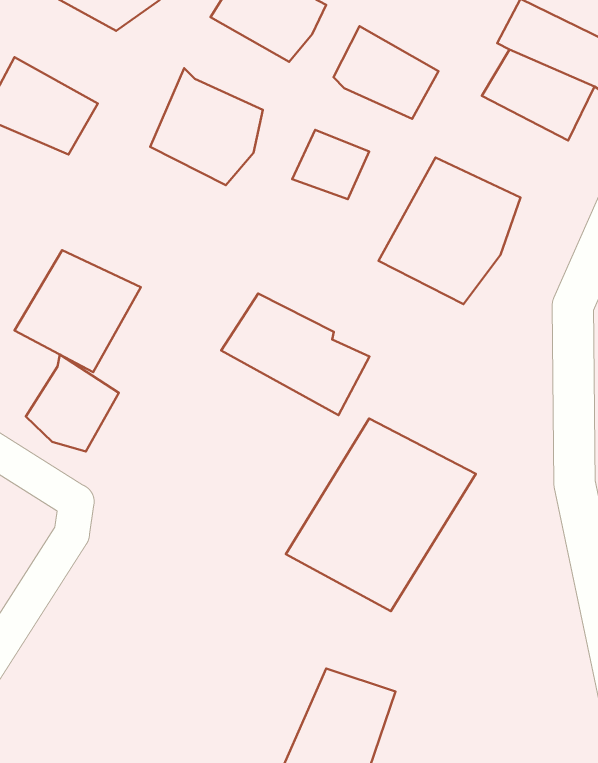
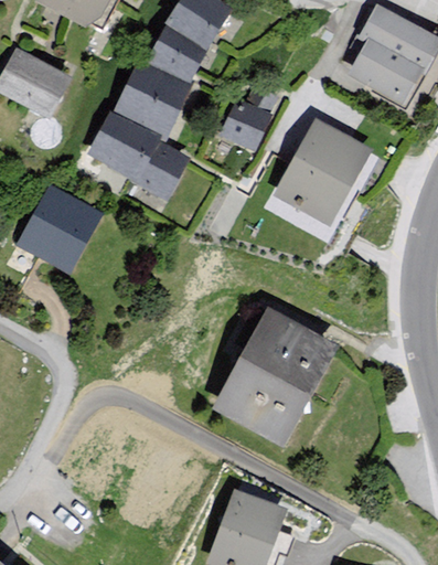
building: [333,26,438,119] -> [135,20,210,86]
building: [221,293,369,415] -> [84,113,190,200]
building: [26,354,119,452] -> none

